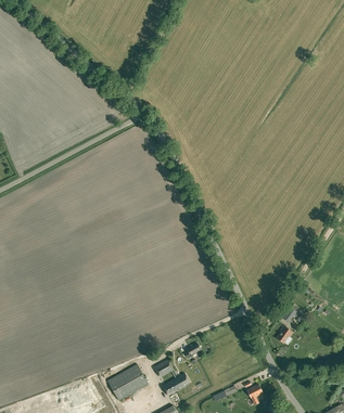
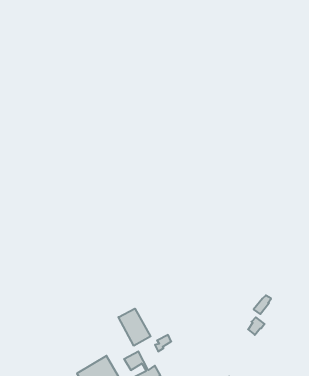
building: none -> [118,309,151,346]

